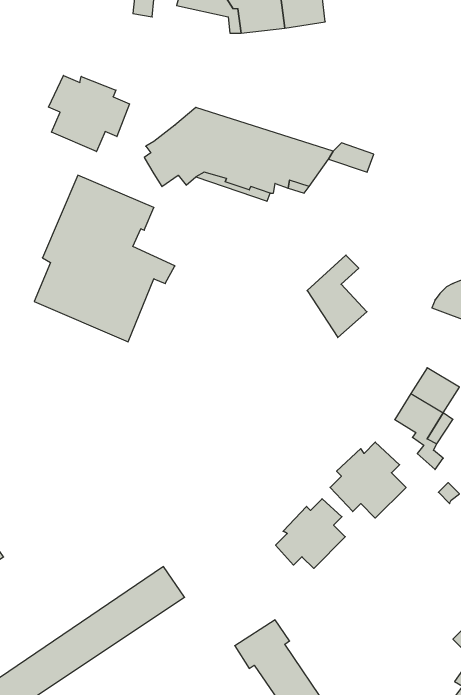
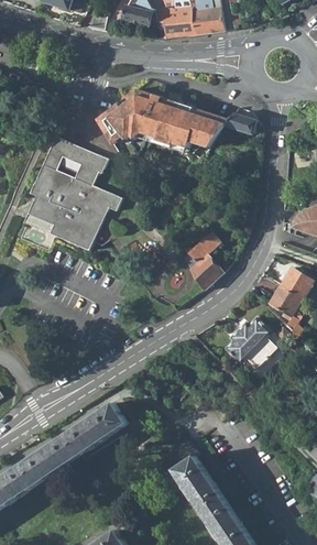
building: [48,75,130,152] -> none
building: [307,255,367,338] -> [182,232,222,288]
building: [276,499,345,568] -> none

